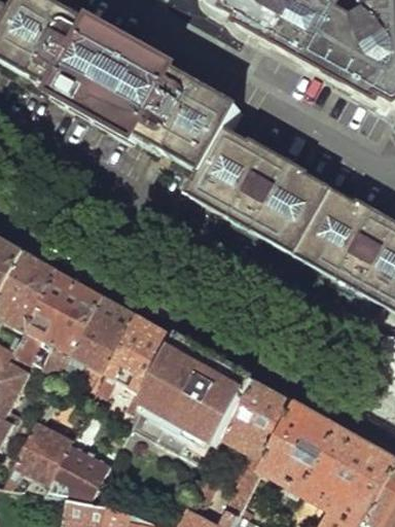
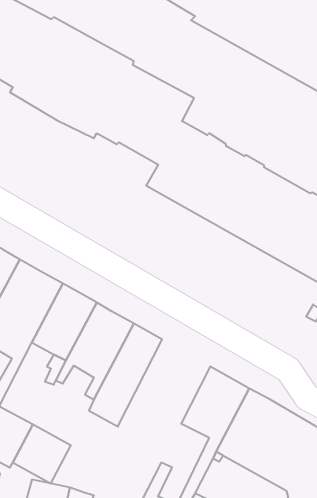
building: [158,352,253,469] -> none

